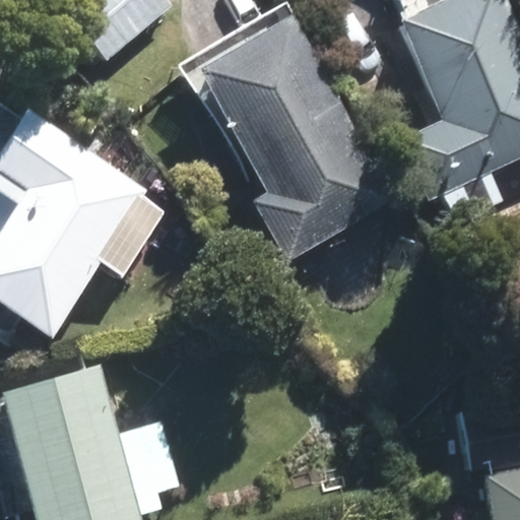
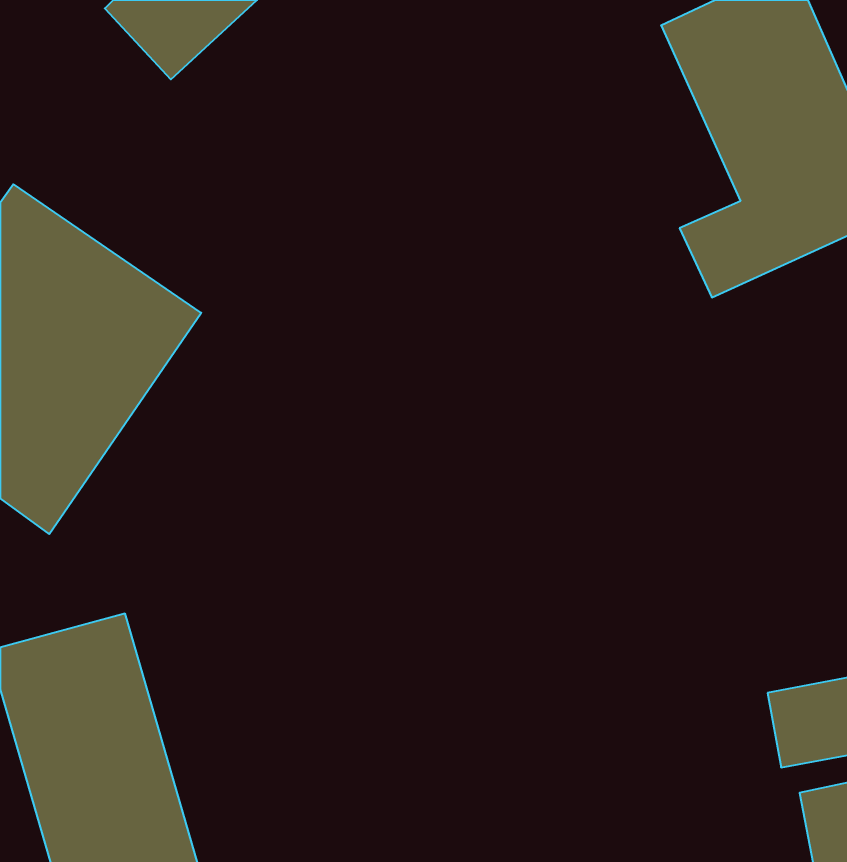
building: [201,16,385,250] -> none

